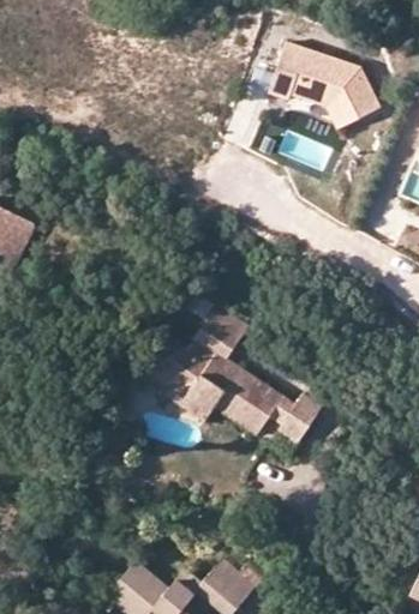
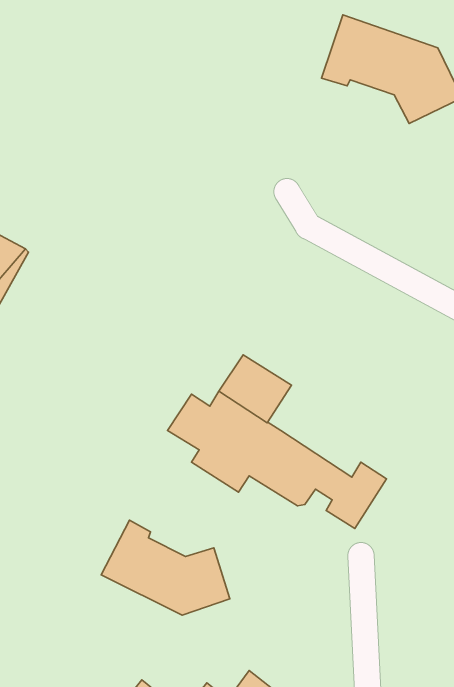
building: none -> [101,520,230,615]

